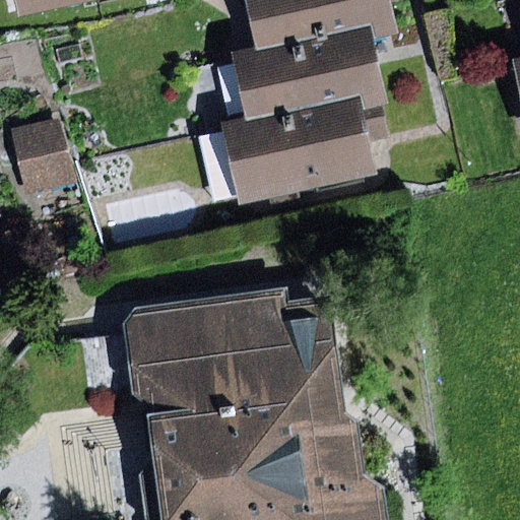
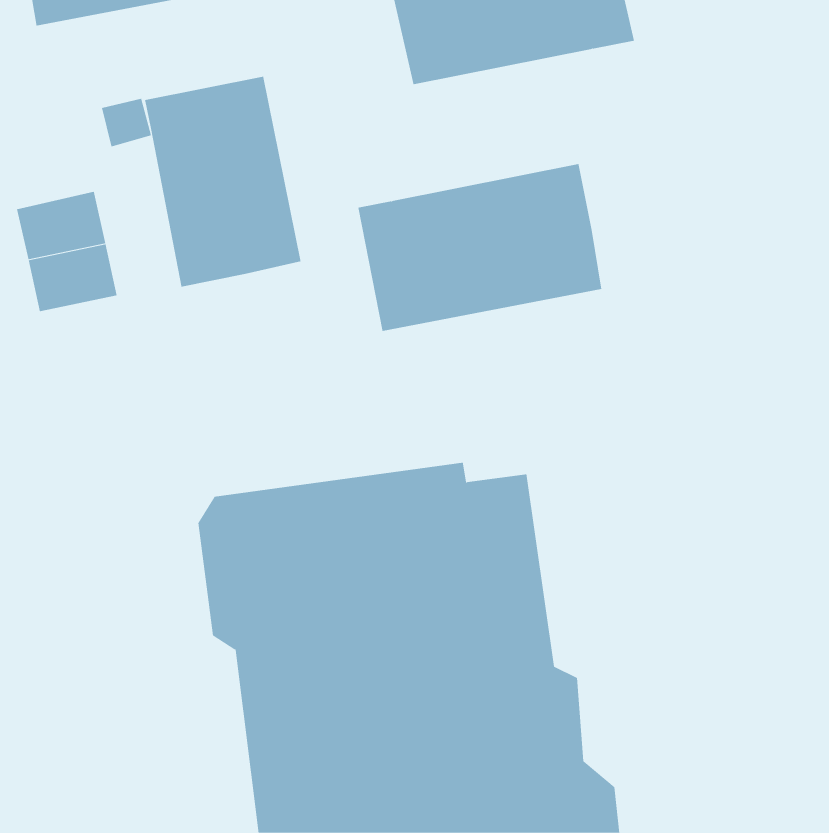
building: [230,30,382,125] -> none
building: none -> [144,76,301,287]

